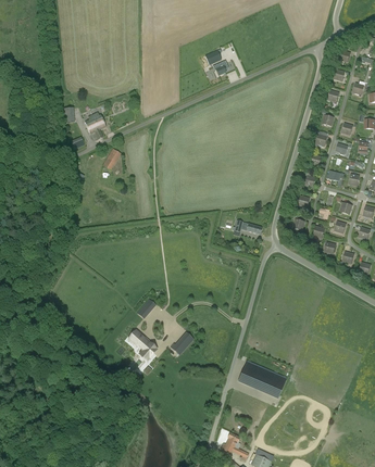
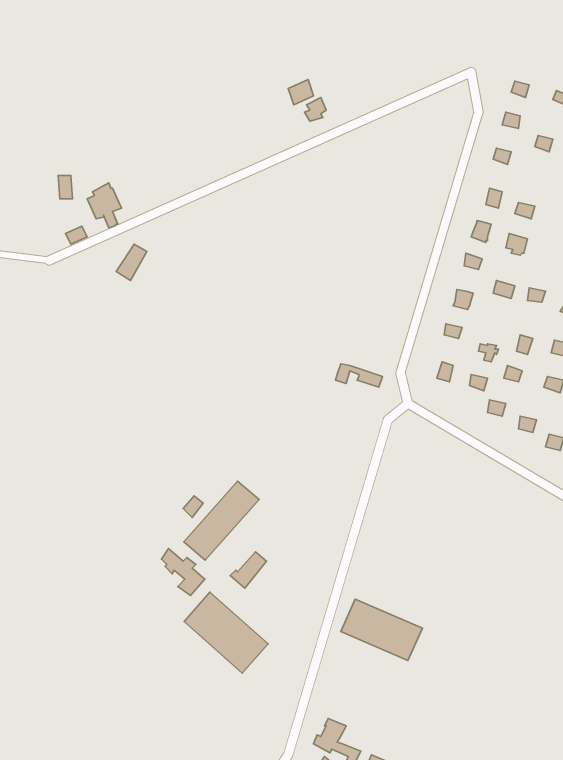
building: none -> [184,481,259,560]
building: none -> [184,592,268,673]

